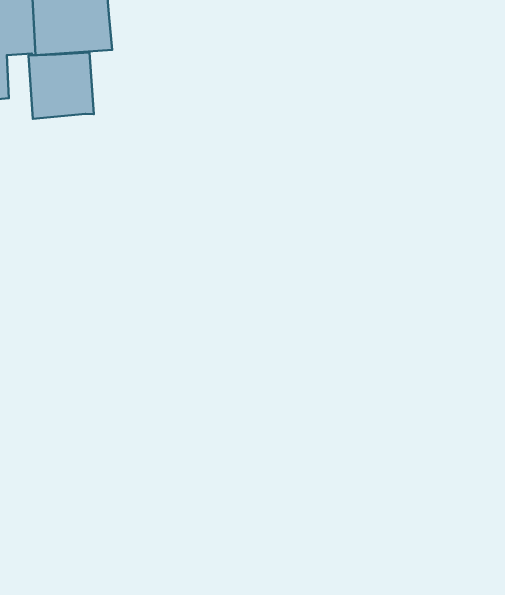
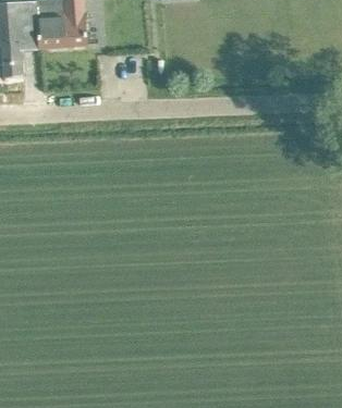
building: [29,53,94,119] -> none

